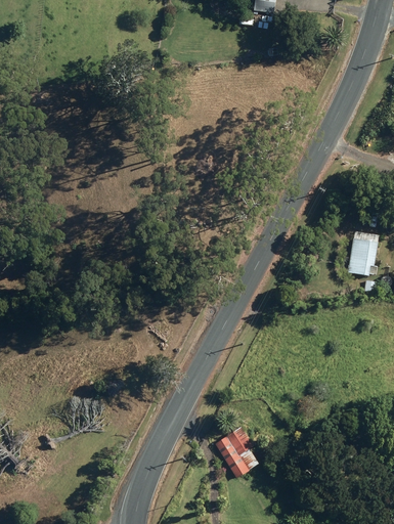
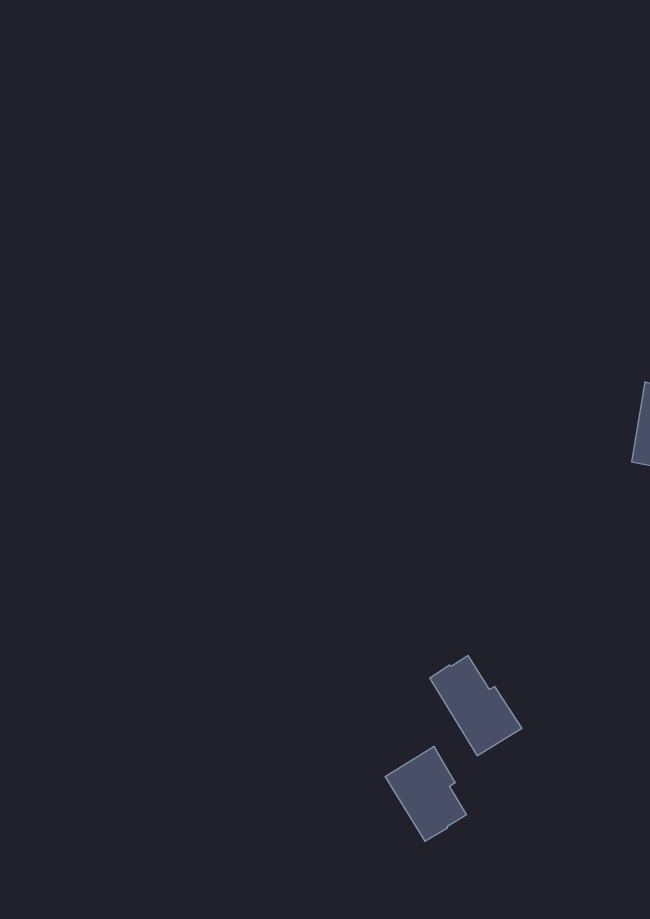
building: none -> [430,655,522,756]

